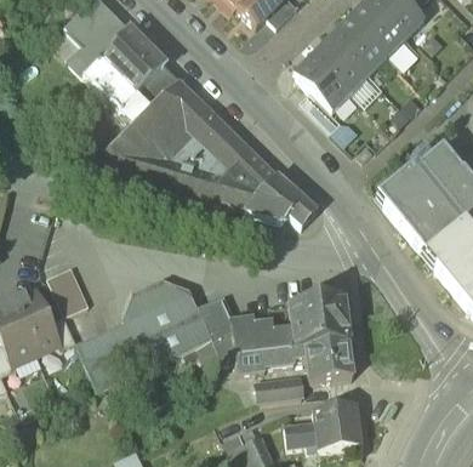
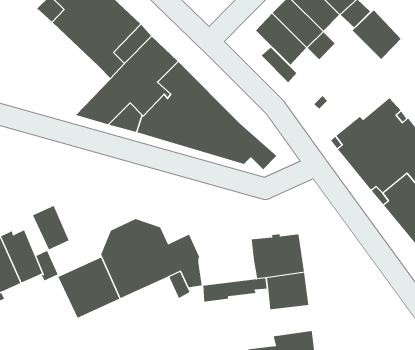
building: none -> [352,9,402,60]
building: [233,319,296,354] -> none
building: [257,377,303,401] -> none

